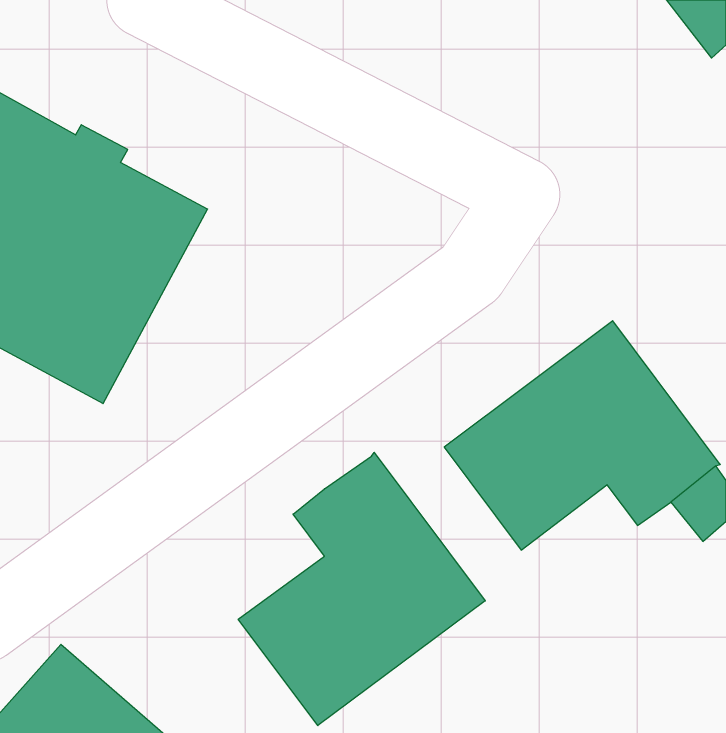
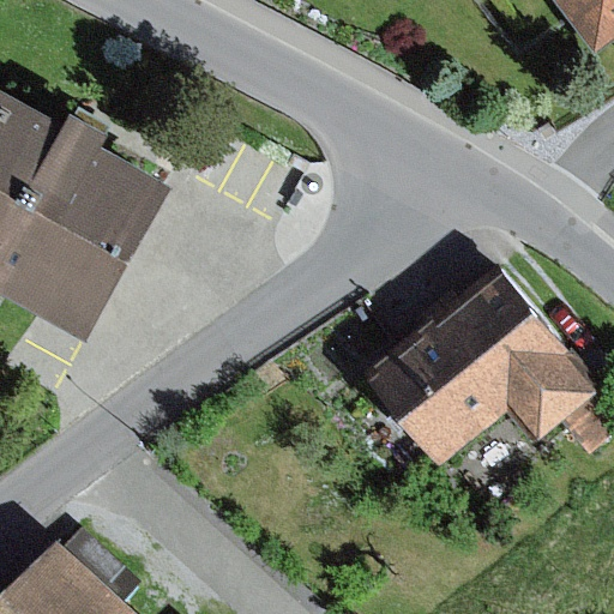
building: [238,452,485,726] -> none

